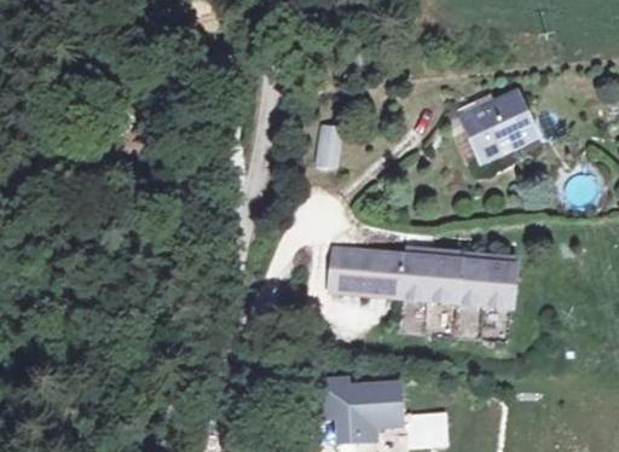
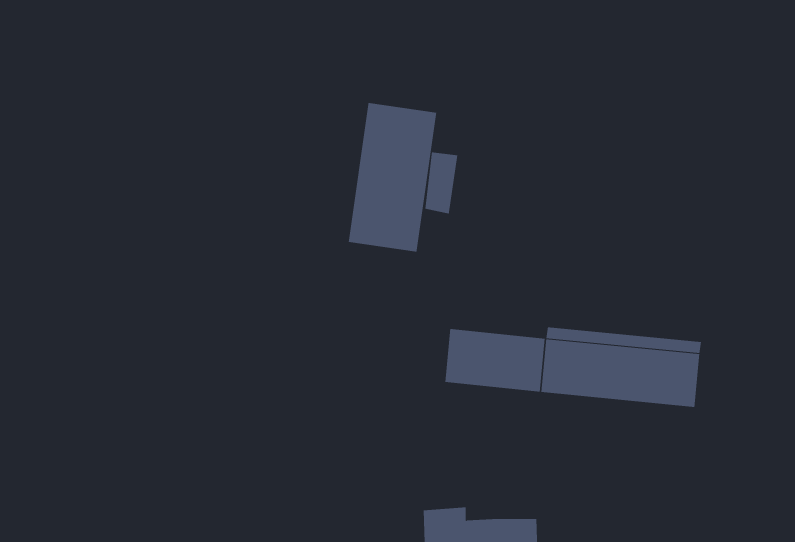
building: none -> [348,102,437,253]
building: [459,94,525,146] -> none

